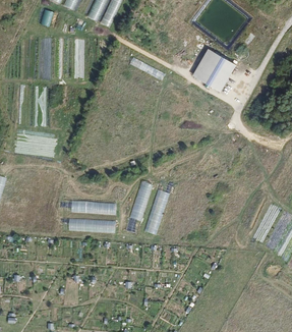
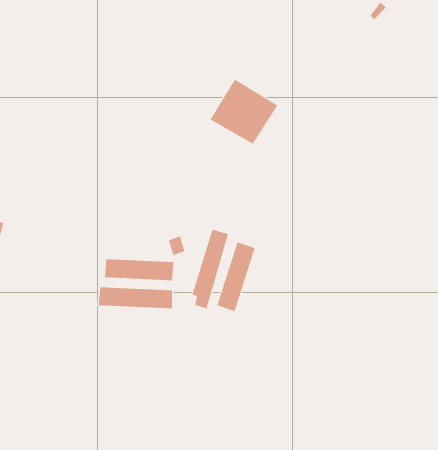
building: [191,46,236,89] -> [210,79,278,144]

